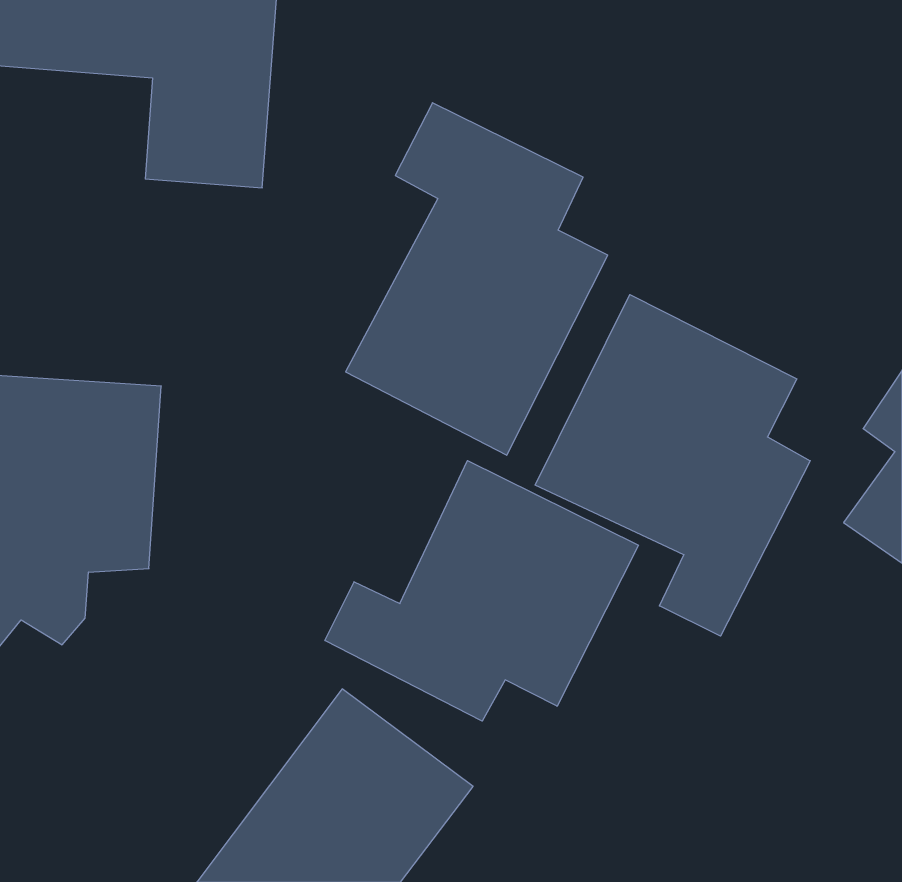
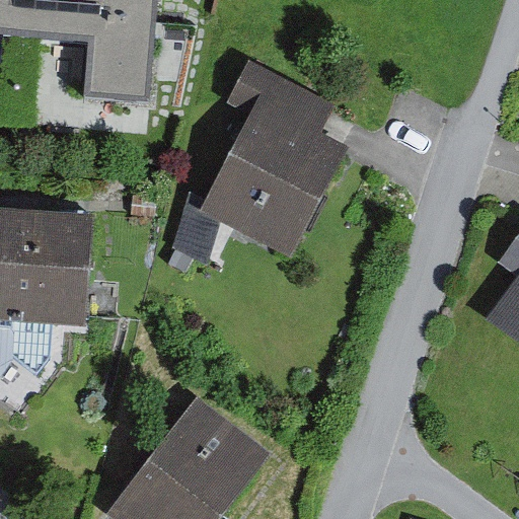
building: [535,295,810,636] -> none
building: [325,461,638,721] -> none

